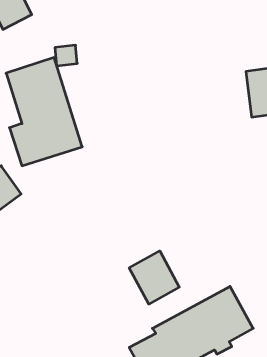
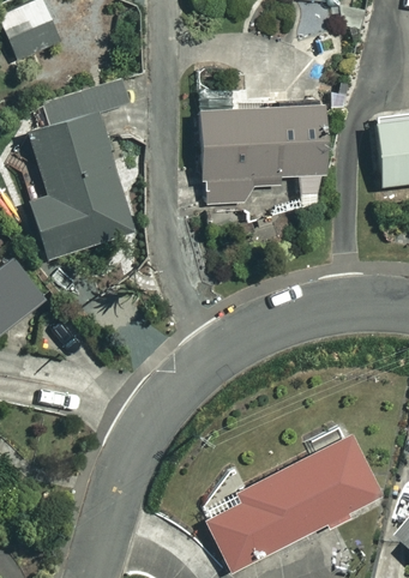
building: none -> [197,98,324,207]
building: [129,251,179,304] -> none

